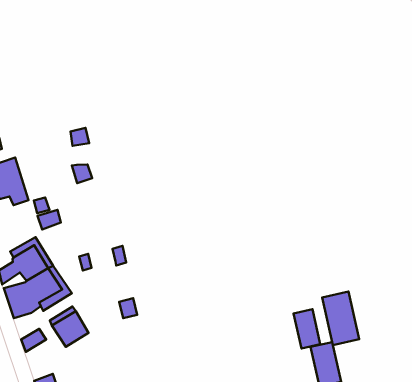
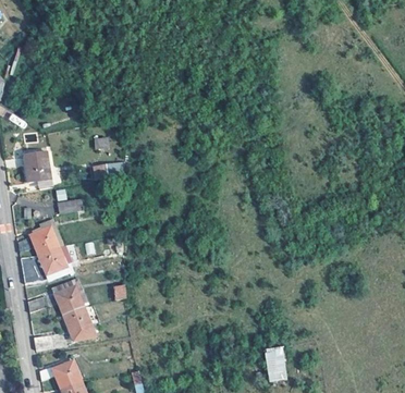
building: [322,291,359,345] -> none
building: [294,309,320,349] -> none
building: none -> [63,305,93,334]

